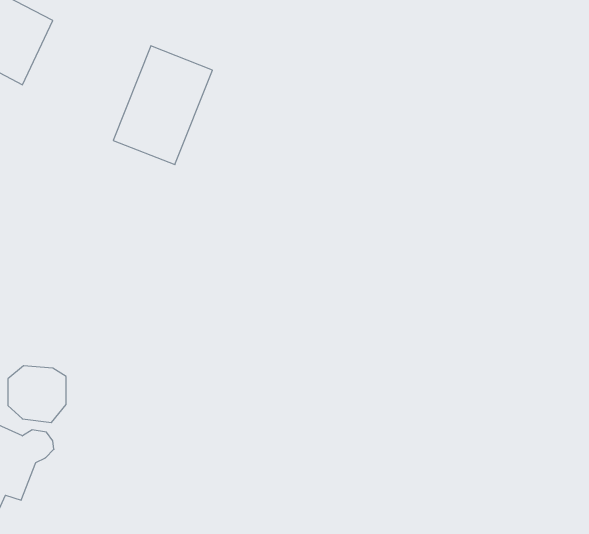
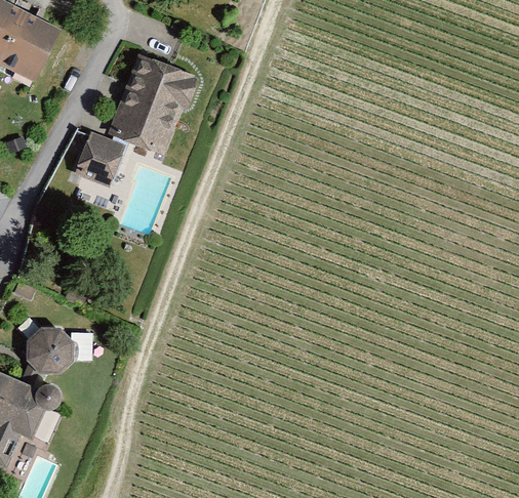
building: none -> [71,130,127,183]

